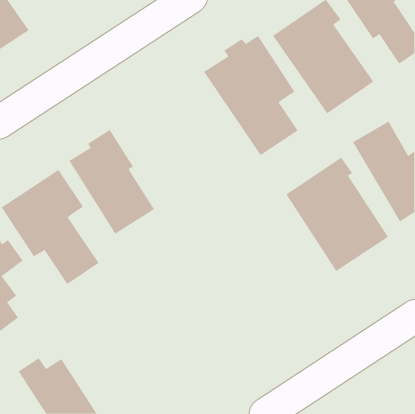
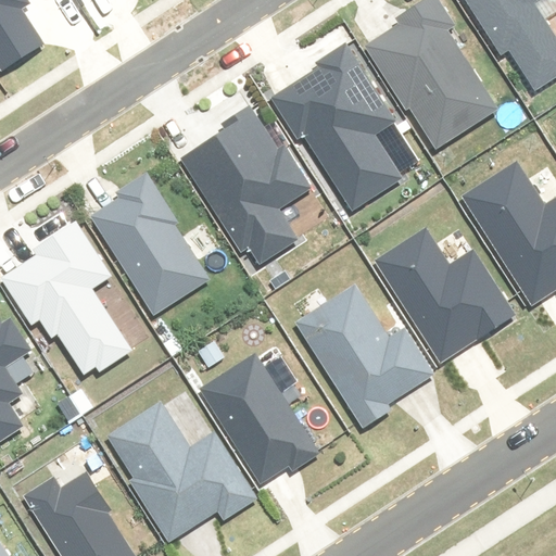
building: none -> [174,99,319,269]
building: none -> [298,287,433,429]
building: none -> [200,354,319,486]
building: none -> [106,403,256,541]

